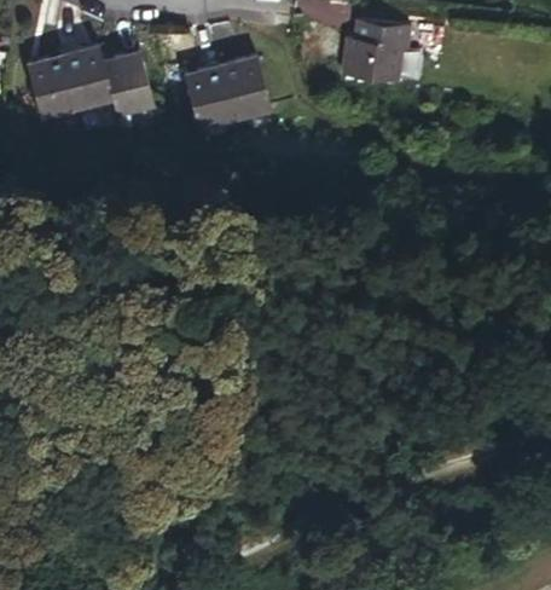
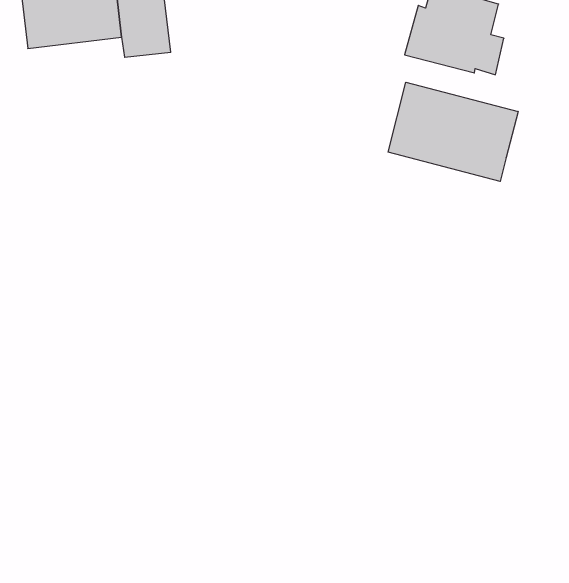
building: [185,56,272,126] -> none
building: none -> [388,82,518,181]

